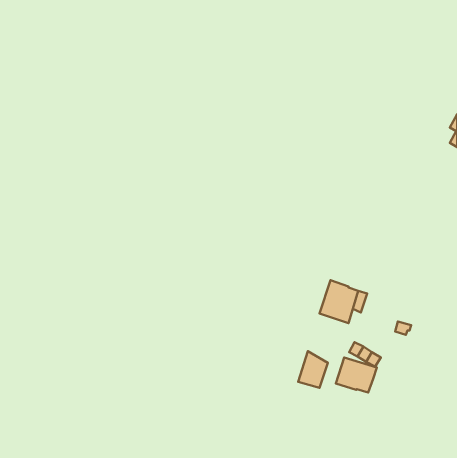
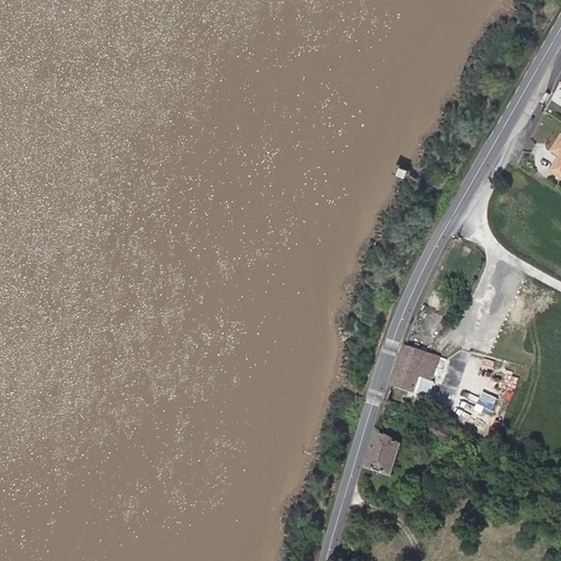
building: [336,357,377,393] -> none

